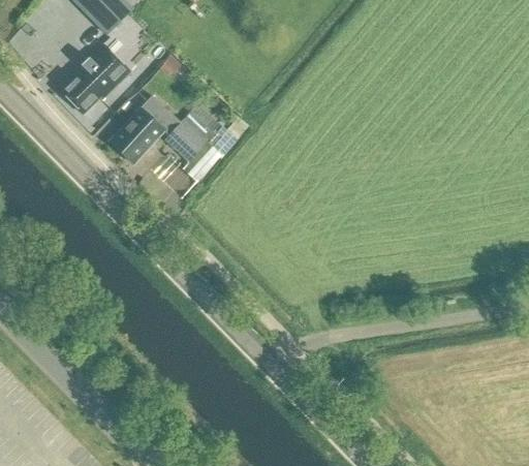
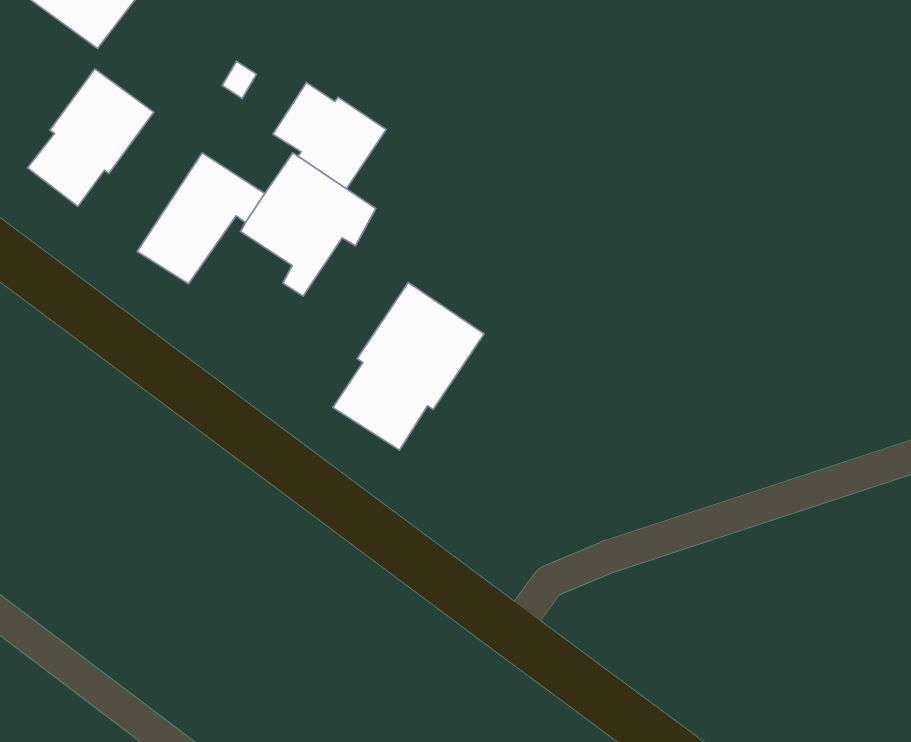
building: none -> [273,82,386,189]
building: none -> [333,283,484,450]

